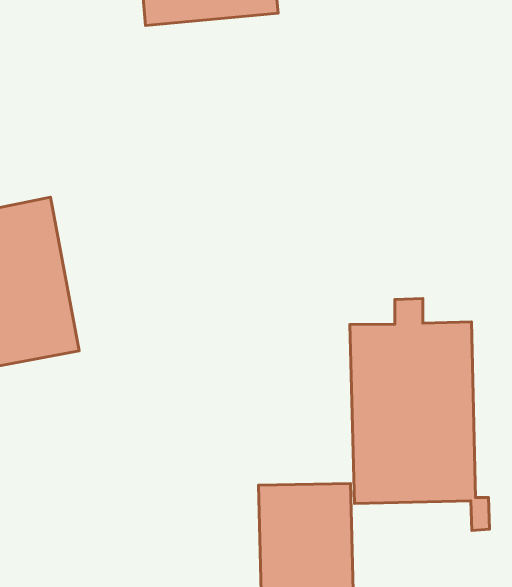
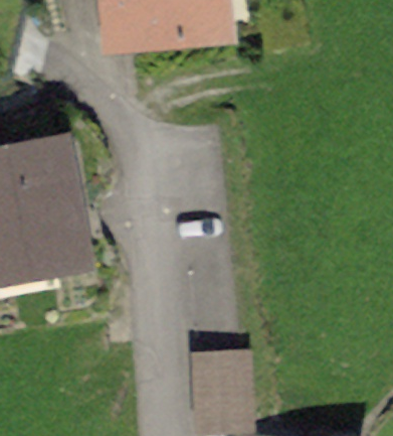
building: [350,299,490,531] -> none

